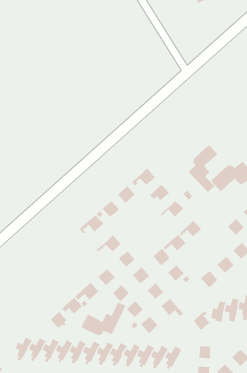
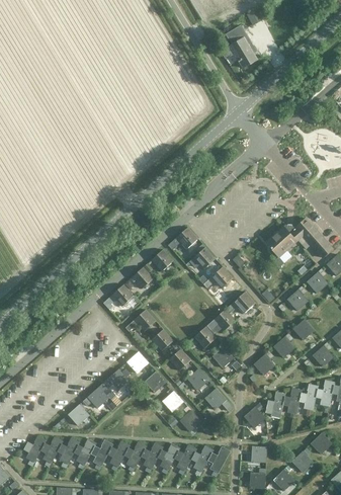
building: none -> [228,29,256,68]
building: [188,144,218,193] -> none
building: [81,301,126,336] -> none

